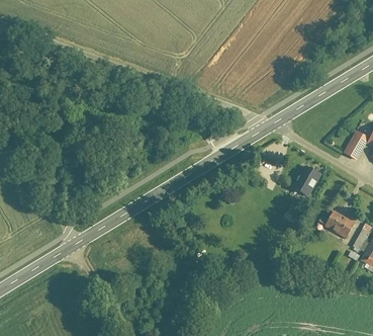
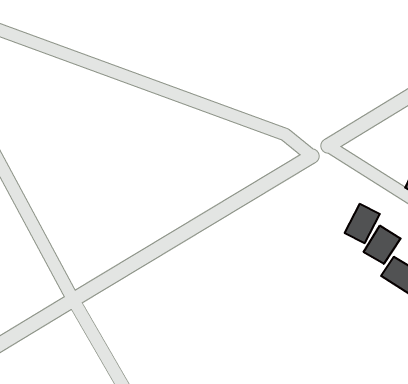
building: none -> [364,226,401,264]

